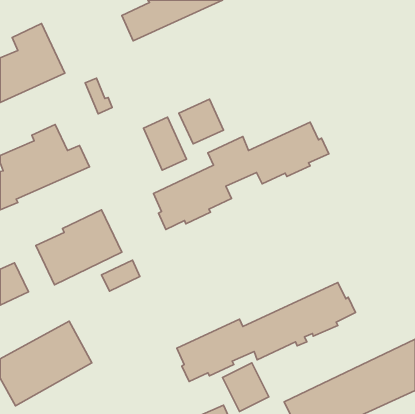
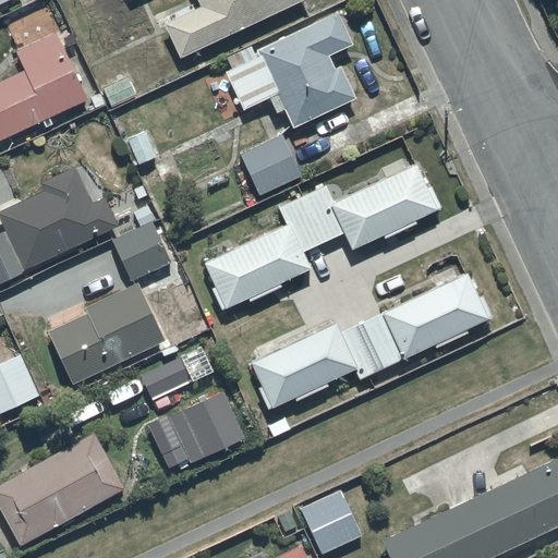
building: none -> [226,10,356,130]
building: [143,117,186,170] -> none
building: none -> [113,222,170,280]
building: [177,282,356,382] -> [252,276,492,409]
building: none -> [148,393,244,471]

